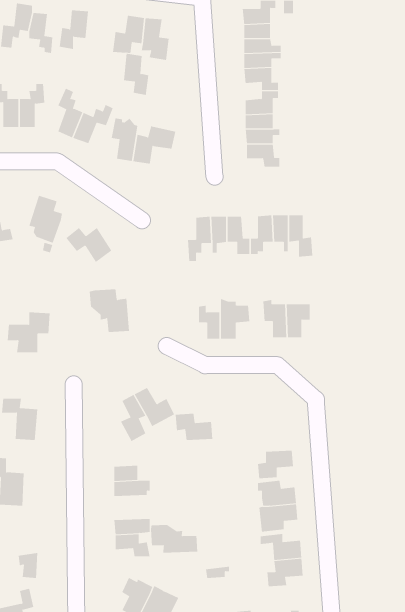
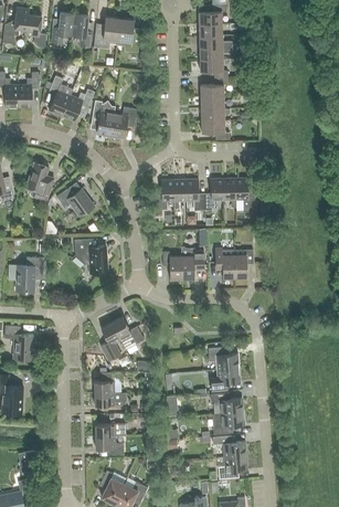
building: [123,53,149,96] -> [72,13,93,47]
building: [175,413,213,440] -> [208,347,239,369]
building: [150,524,198,553] -> none

